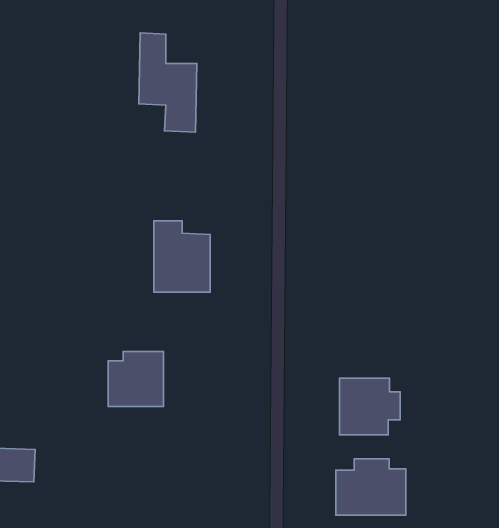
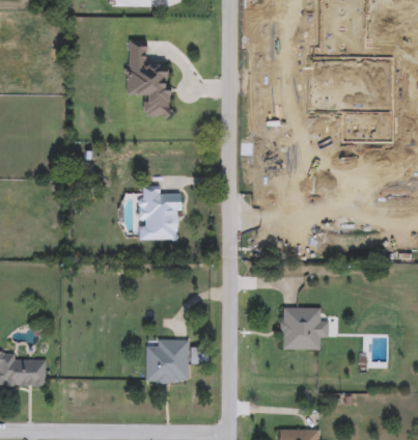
building: [108,351,163,407] -> [145,339,188,382]
building: [336,459,406,515] -> none

